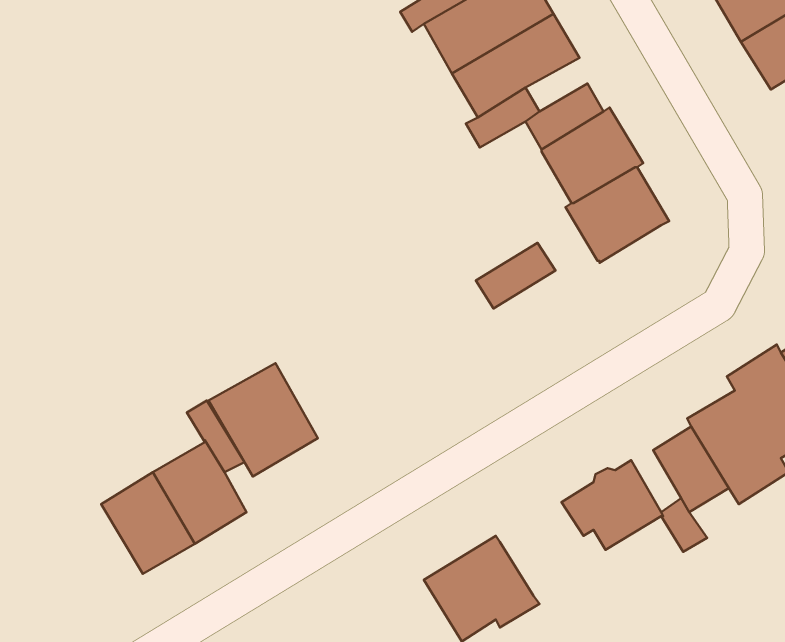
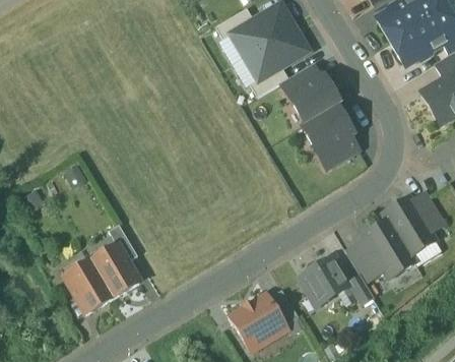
building: [476,243,555,309] -> [319,135,360,169]
building: [208,363,318,476] -> none
building: none -> [268,289,299,324]

